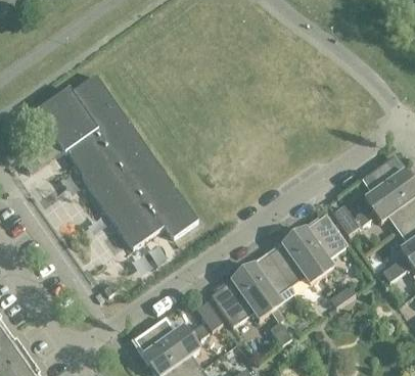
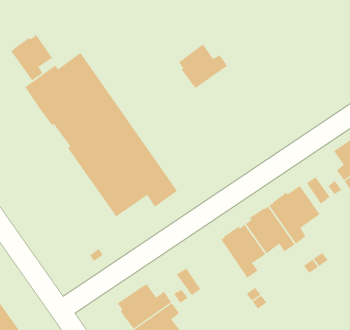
building: none -> [10,34,53,81]
building: none -> [178,44,228,89]
building: [211,271,270,326] -> none

